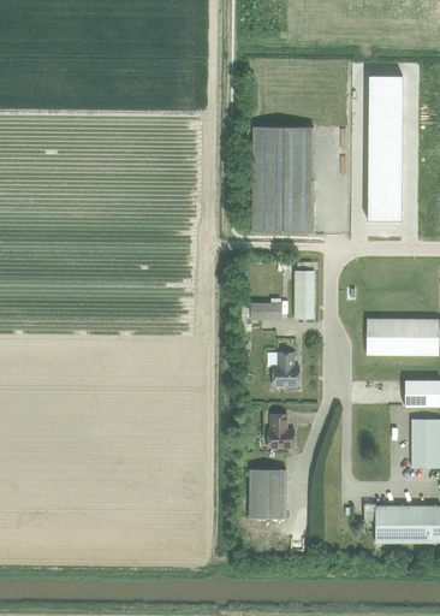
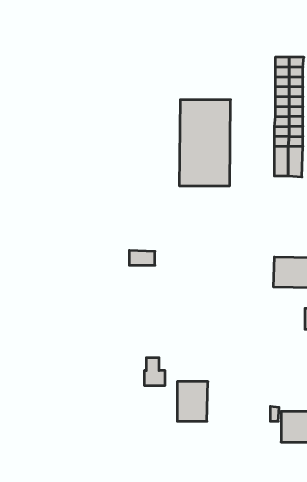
building: [295,270,314,319] -> none
building: [250,301,281,319] -> [129,250,155,265]
building: [272,353,298,385] -> none
building: [268,414,293,448] -> [144,358,165,385]

